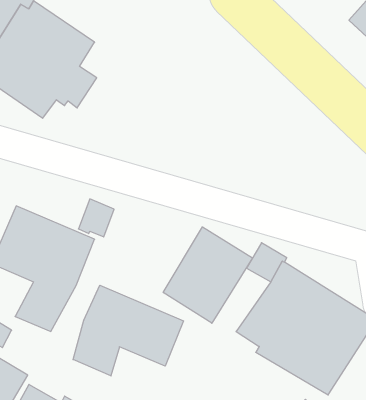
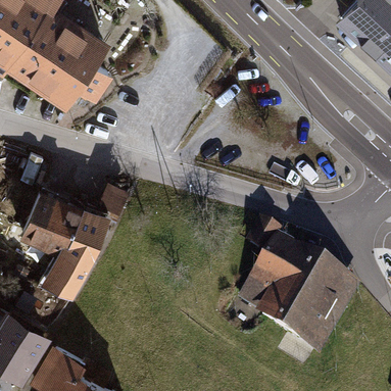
building: [163,227,252,323] -> none
building: [73,285,183,376] -> none

